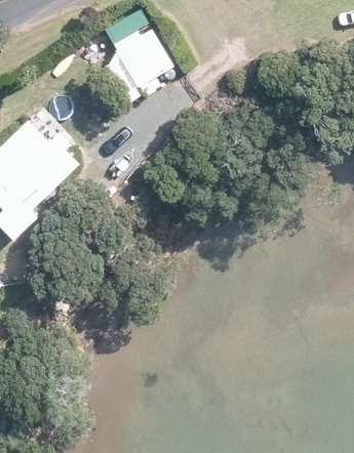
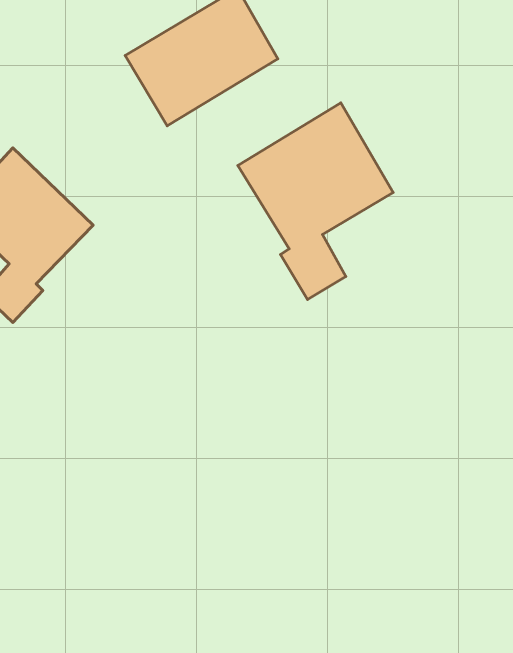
building: none -> [238,103,393,300]

